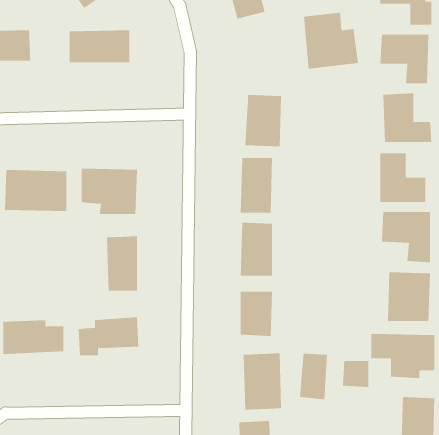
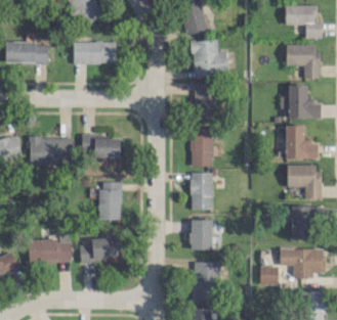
building: [303,12,359,69] -> [192,38,229,77]
building: [300,353,327,400] -> none

